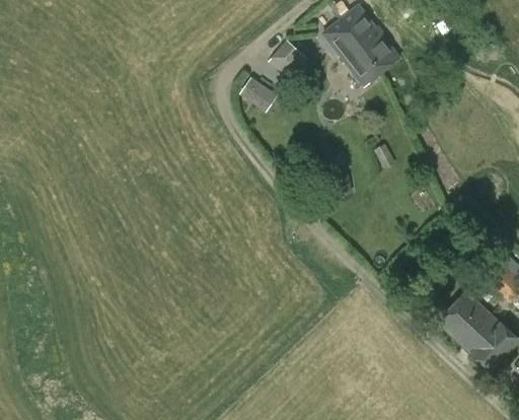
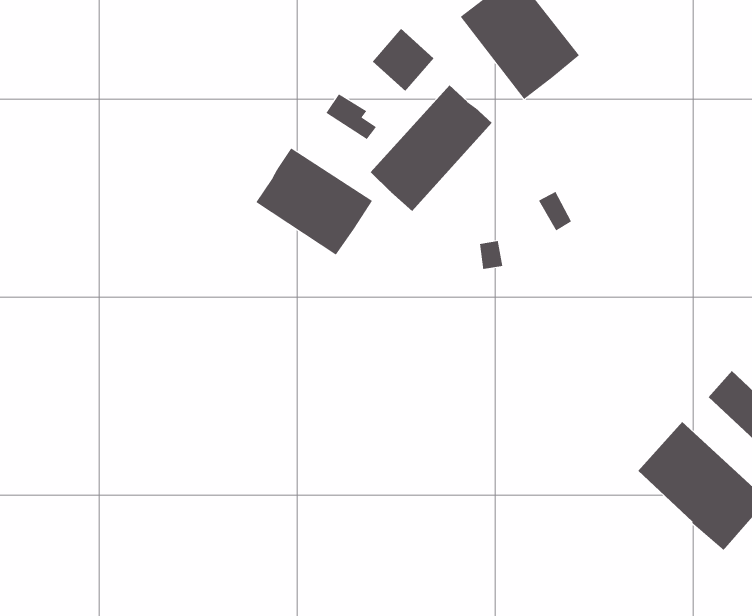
building: none -> [370,84,492,212]
building: none -> [256,148,373,255]

